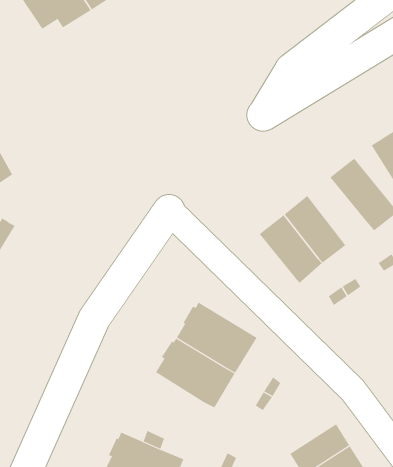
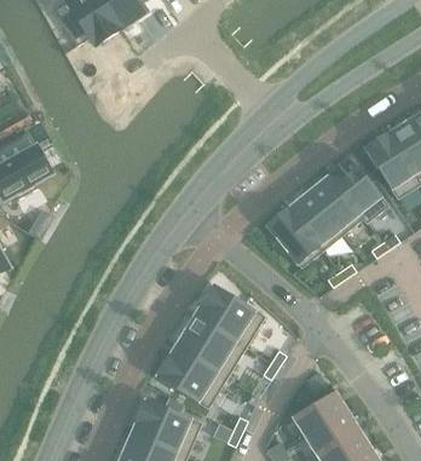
building: none -> [308,174,367,234]
building: none -> [156,345,227,408]

